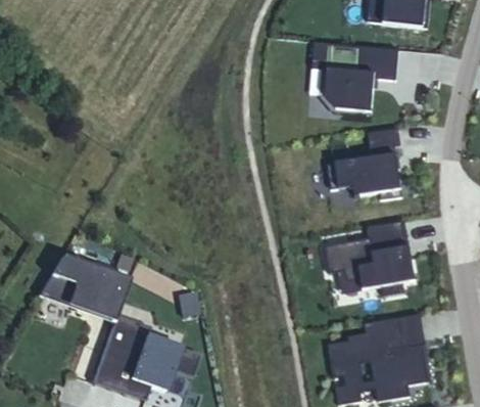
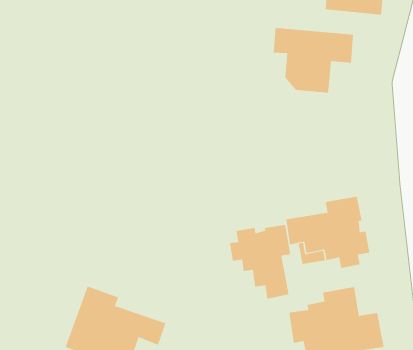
building: [328,128,403,199] -> none
building: none -> [230,224,291,299]
building: [40,256,128,319] -> none

